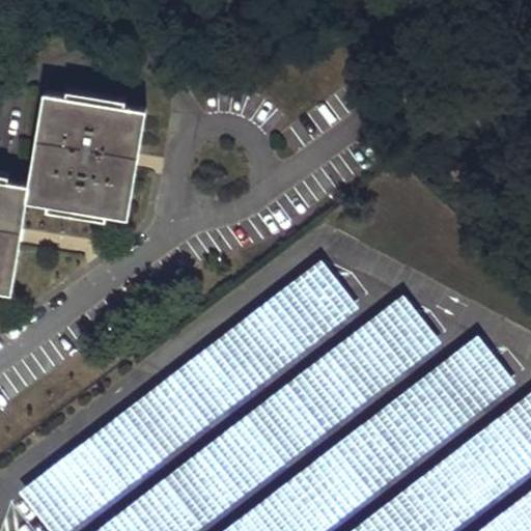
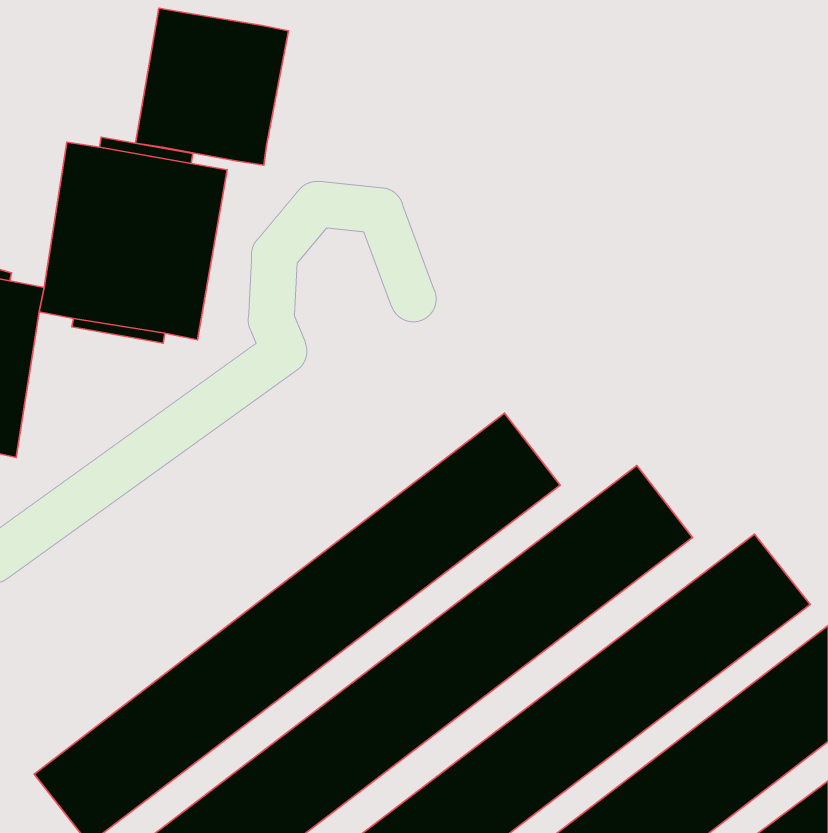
building: none -> [135,8,288,165]

